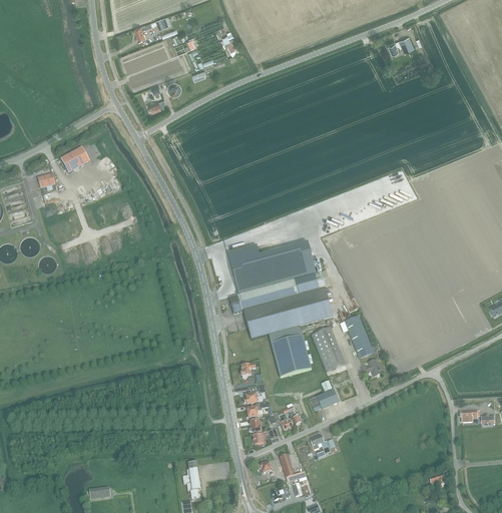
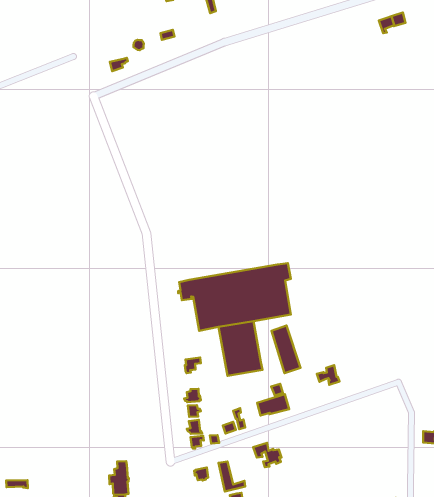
building: [61,146,90,172] -> none
building: [227,242,317,294] -> none
building: [345,316,373,359] -> none

